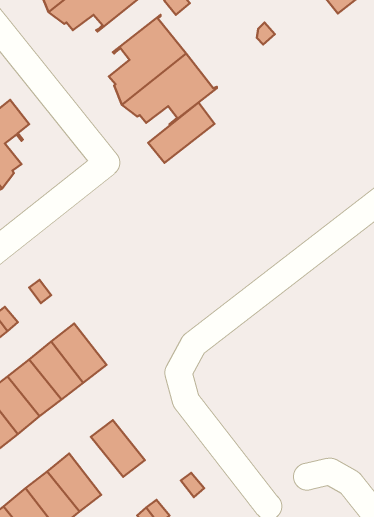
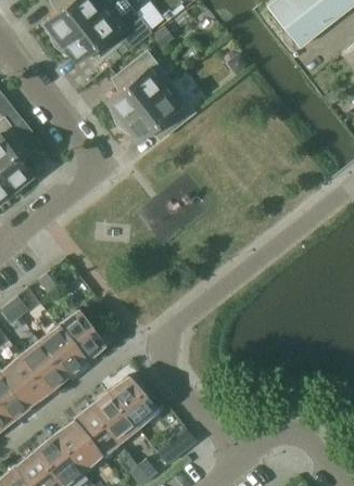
building: [148,102,215,163] -> none
building: none -> [110,376,155,425]
building: none -> [73,406,118,455]

